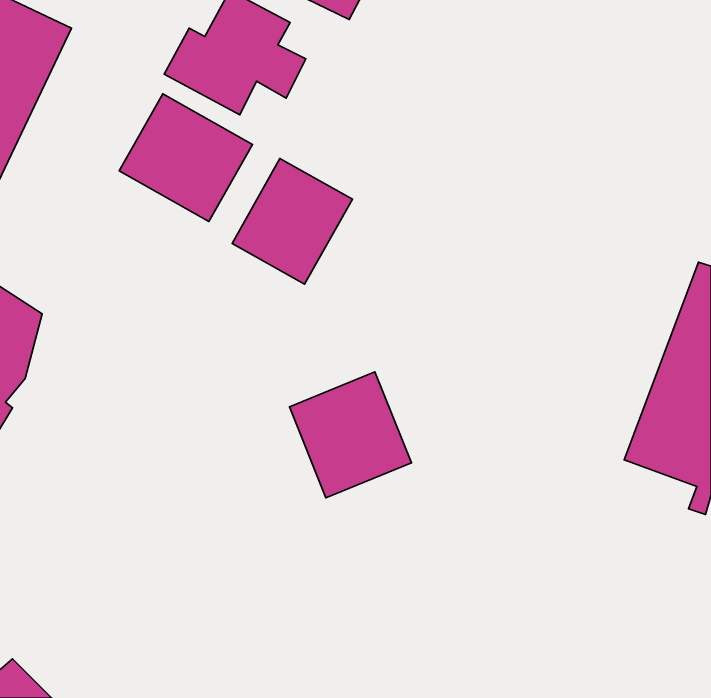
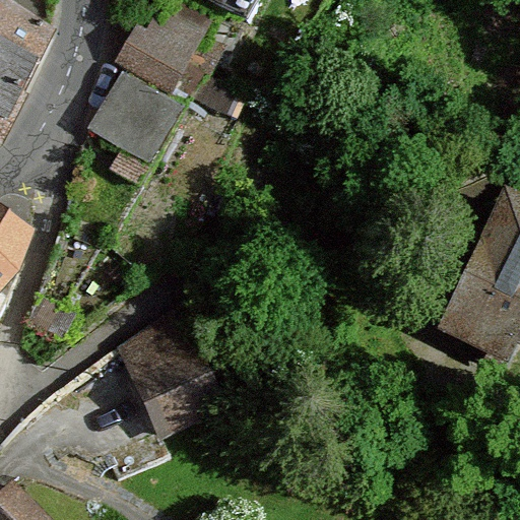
building: [232,159,352,284] -> none
building: [289,372,411,498] -> [128,341,216,433]

